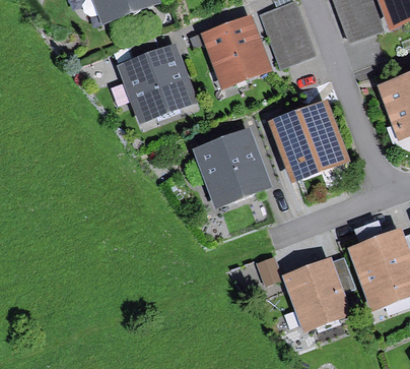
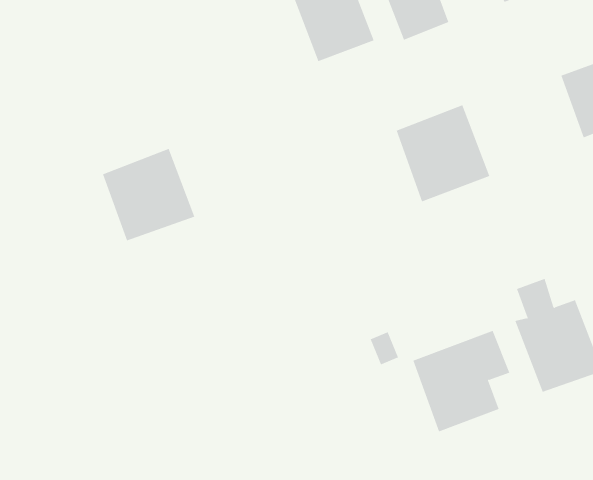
building: [125,51,187,113] -> [102,148,195,241]
building: [200,136,262,200] -> none

